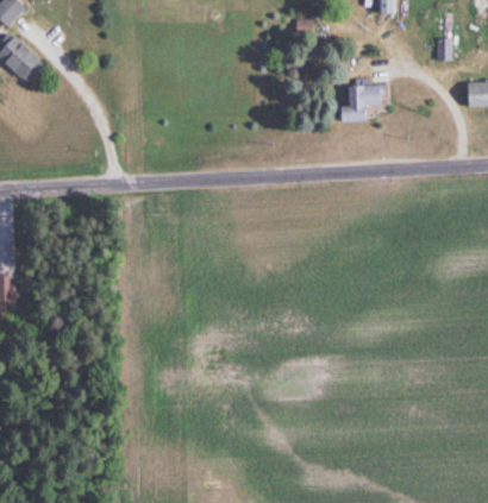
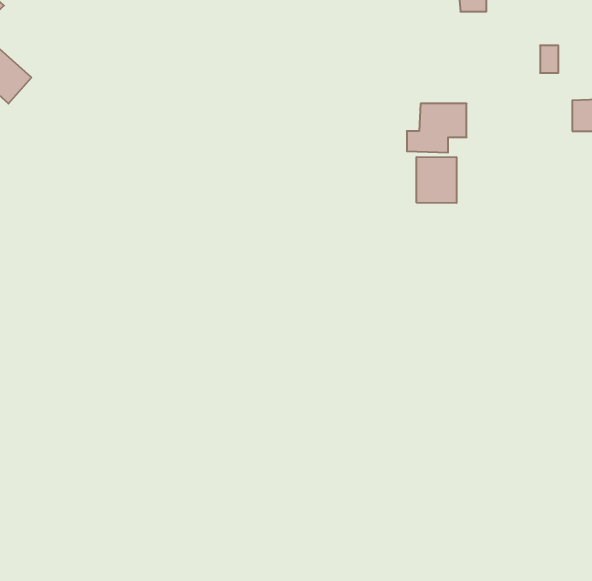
building: none -> [417,157,456,203]

